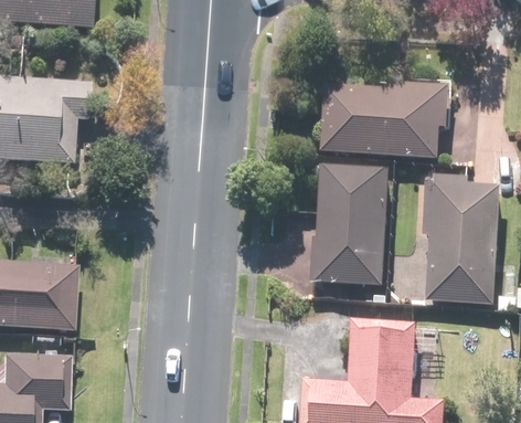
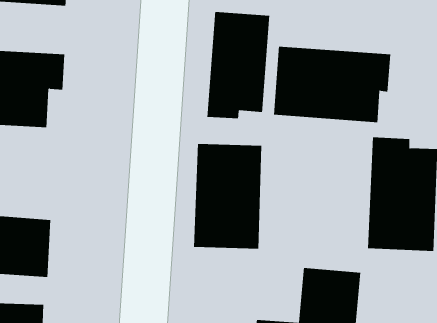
building: none -> [207,11,270,119]
building: [312,166,389,283] -> [193,144,262,249]

